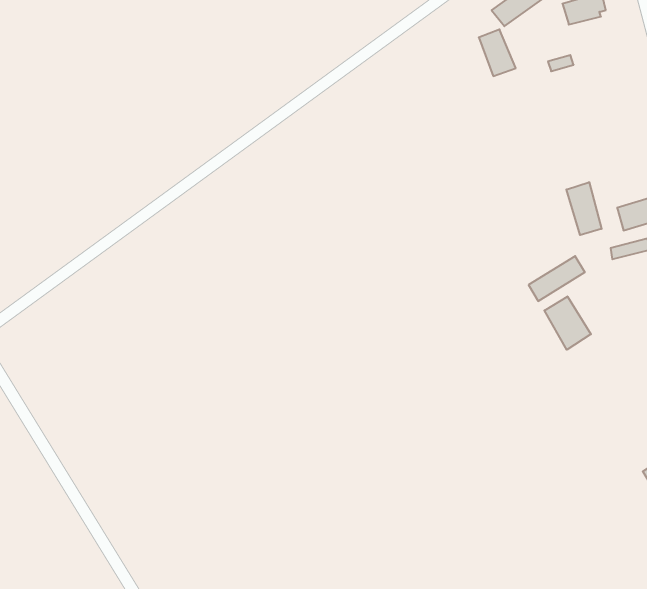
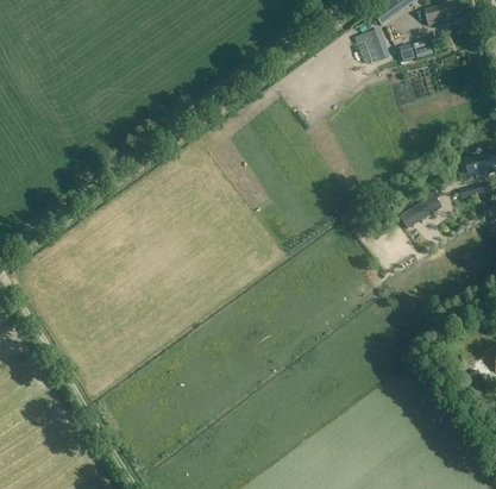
building: [566,182,602,235] -> none
building: [544,296,591,350] -> none

